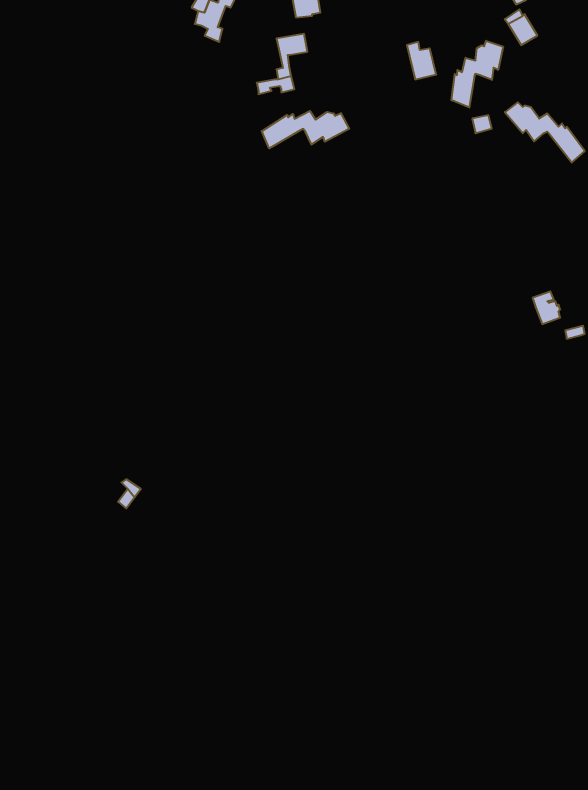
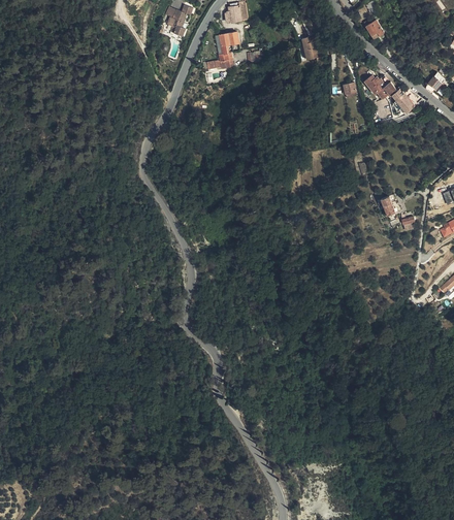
building: [451,41,503,108] -> none
building: [262,111,349,148] -> none

